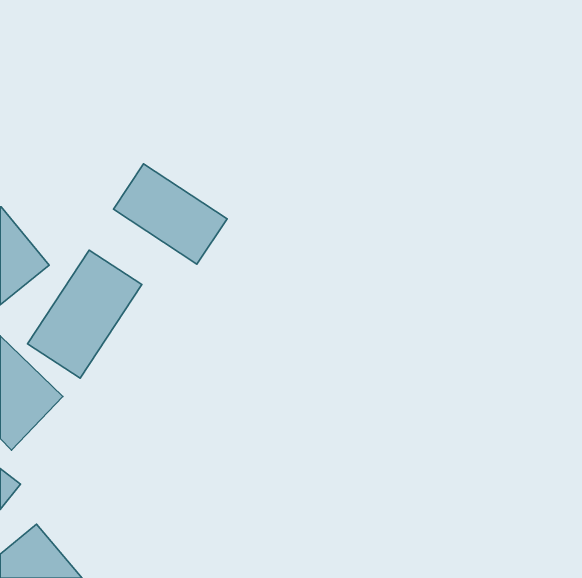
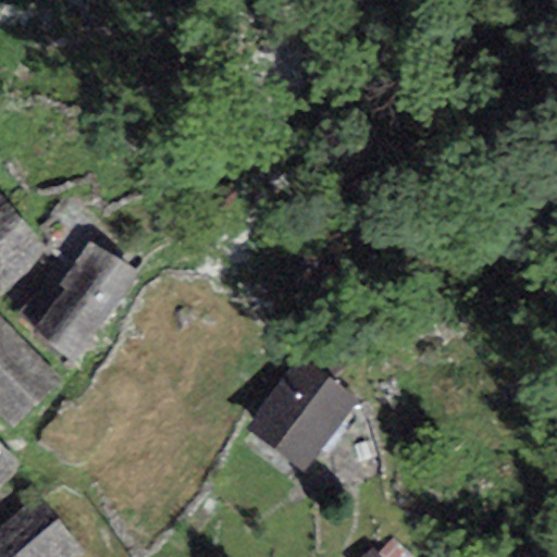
building: [113,164,227,264] -> none
building: none -> [245,360,356,475]

